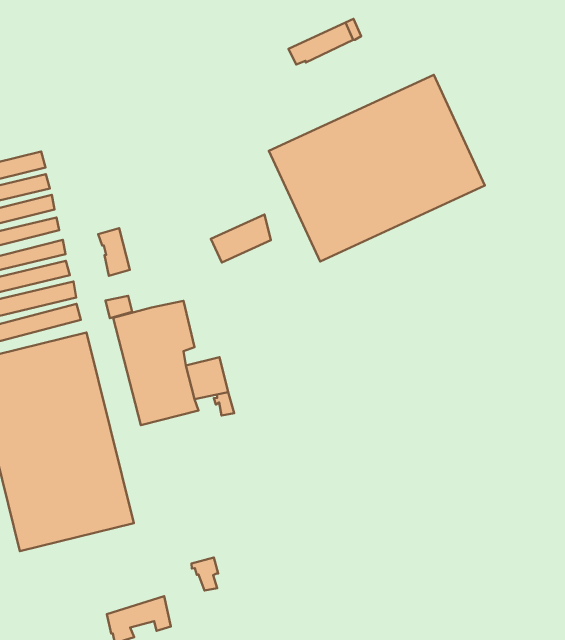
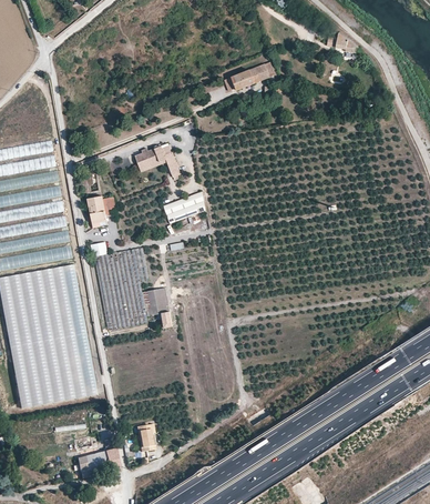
building: [269,75,485,261] -> none
building: none -> [136,145,181,174]

